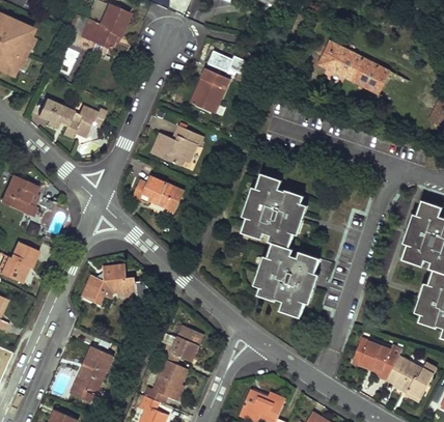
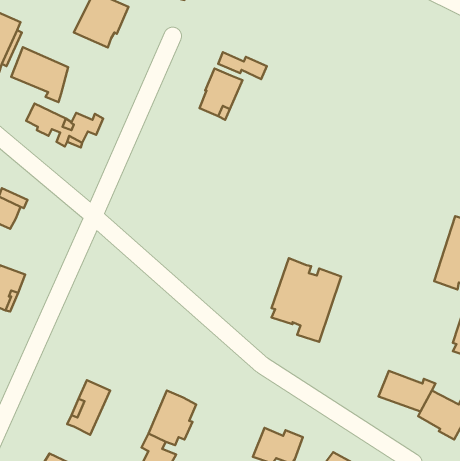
building: [318,41,401,101] -> none
building: none -> [11,47,68,102]
building: [152,126,203,166] -> none
building: [242,170,304,245] -> none
building: [132,176,183,213] -> none
building: [83,263,158,304] -> none
building: [164,323,206,363] -> none

